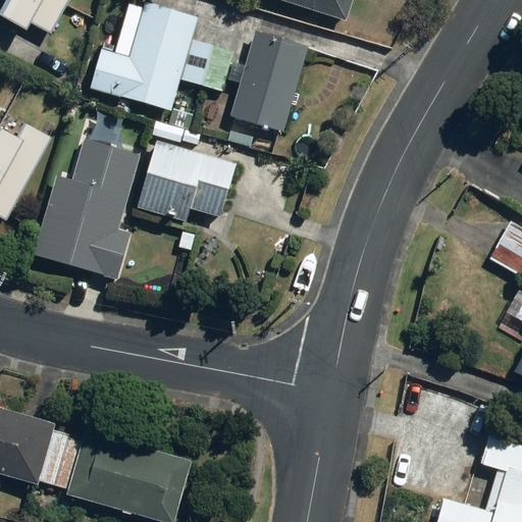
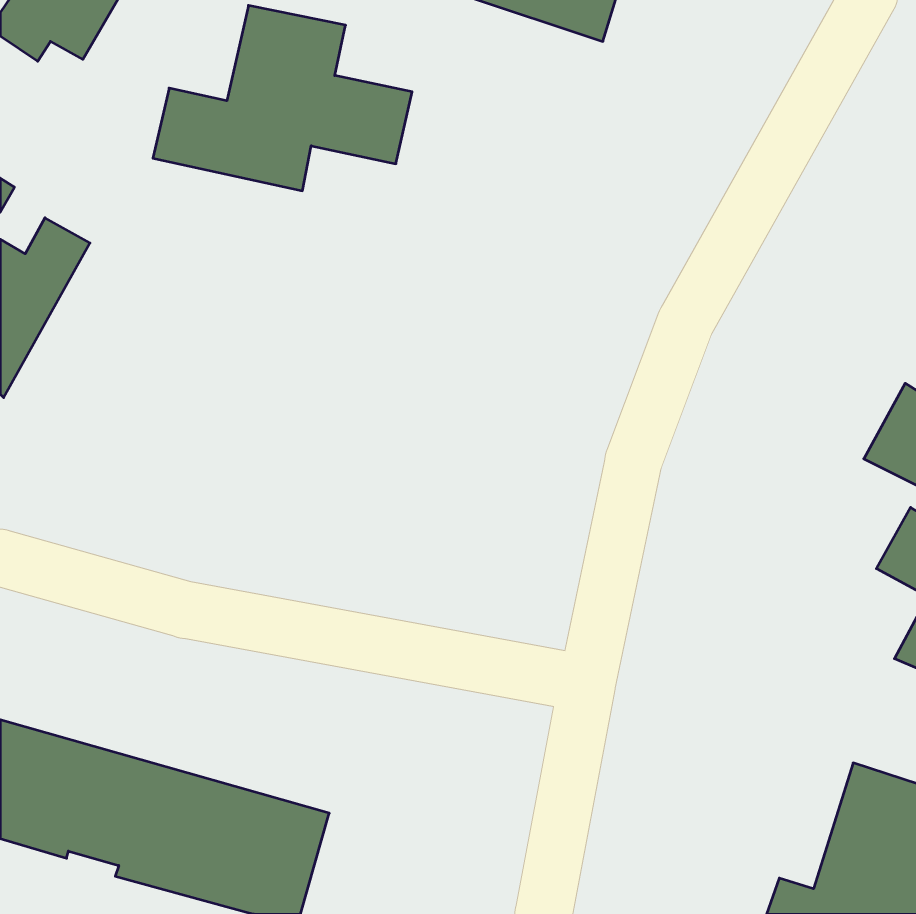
building: [230,34,306,129] -> none
building: [32,138,141,278] -> none
building: [136,141,234,219] -> none

